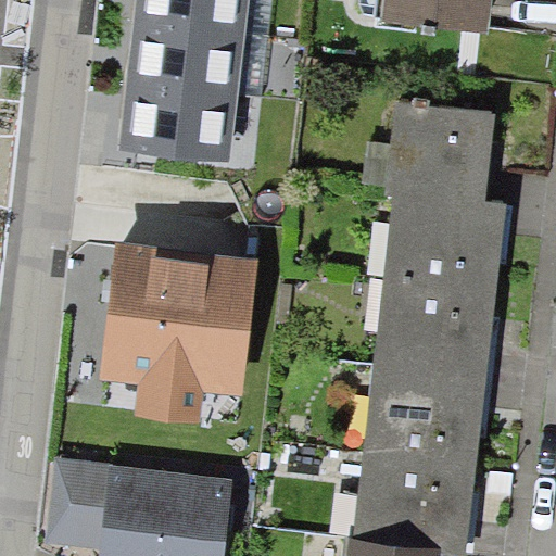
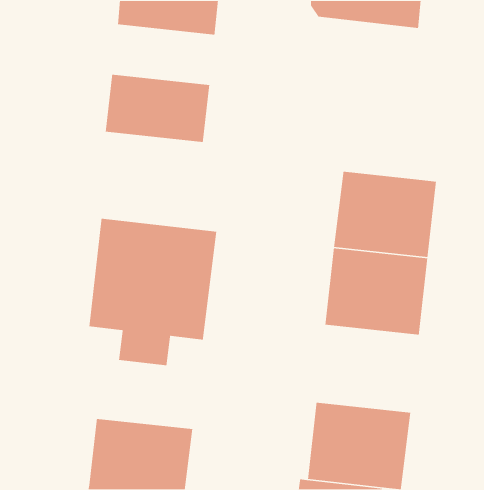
building: [134,28,251,96] -> none
building: [387,104,492,203] -> none
building: [365,368,482,467] -> none
building: [48,467,116,549] -> none

